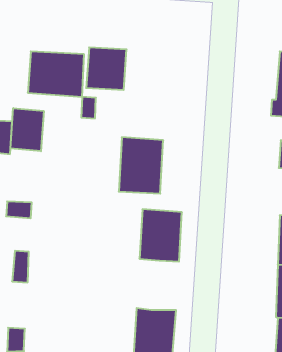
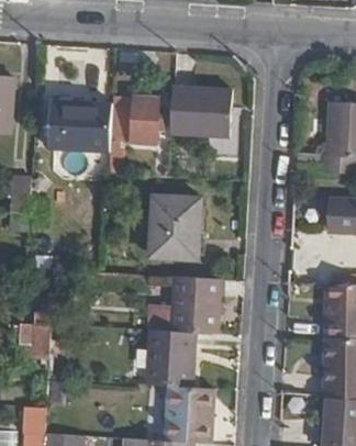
building: none -> [170,85,232,136]
building: [10,108,44,151] -> none
building: none -> [143,330,196,388]

